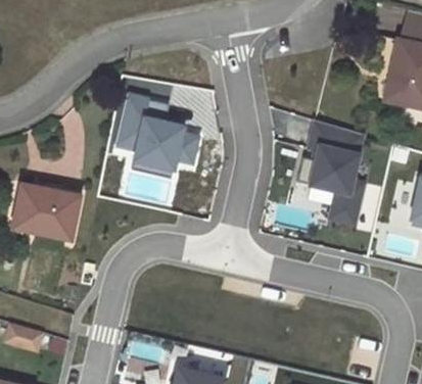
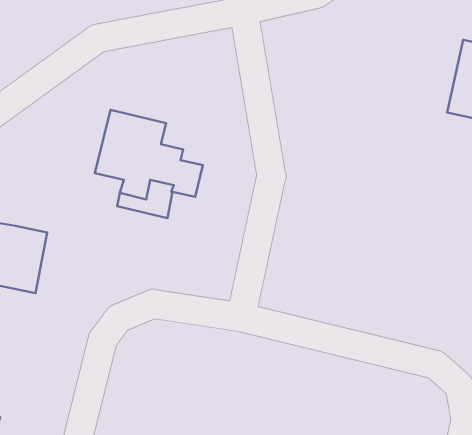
building: [297,121,364,224] -> none

